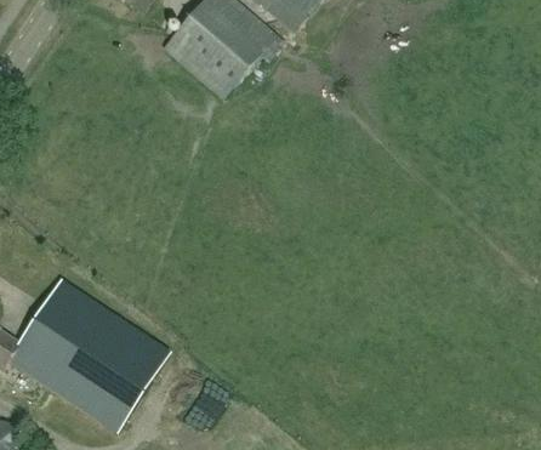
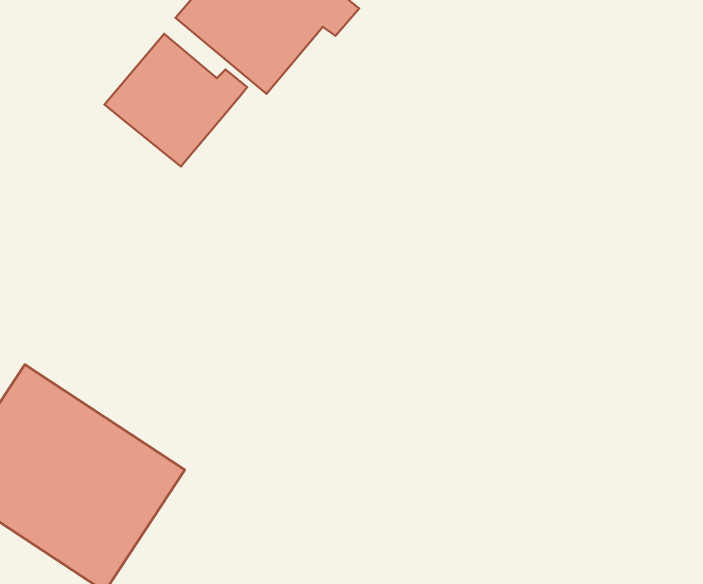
building: none -> [105,34,247,166]

